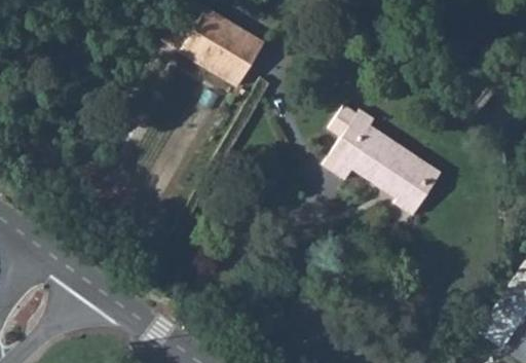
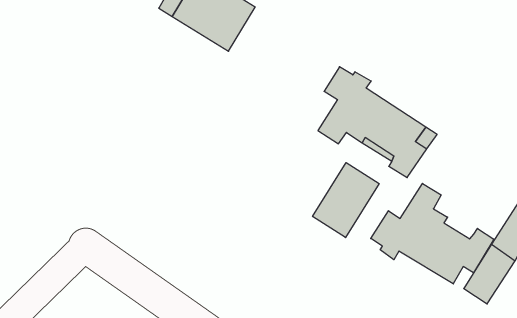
building: none -> [313,163,379,238]
building: none -> [371,183,494,284]

